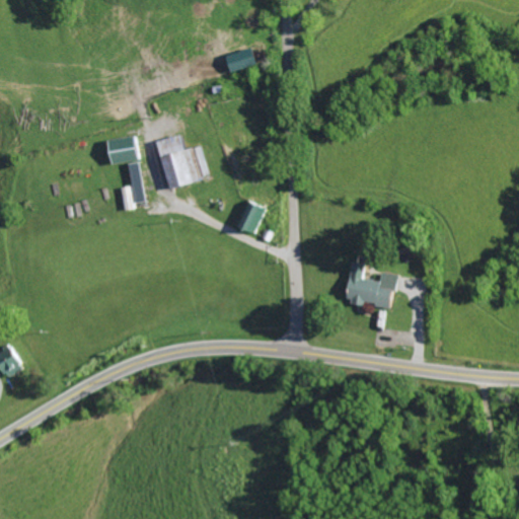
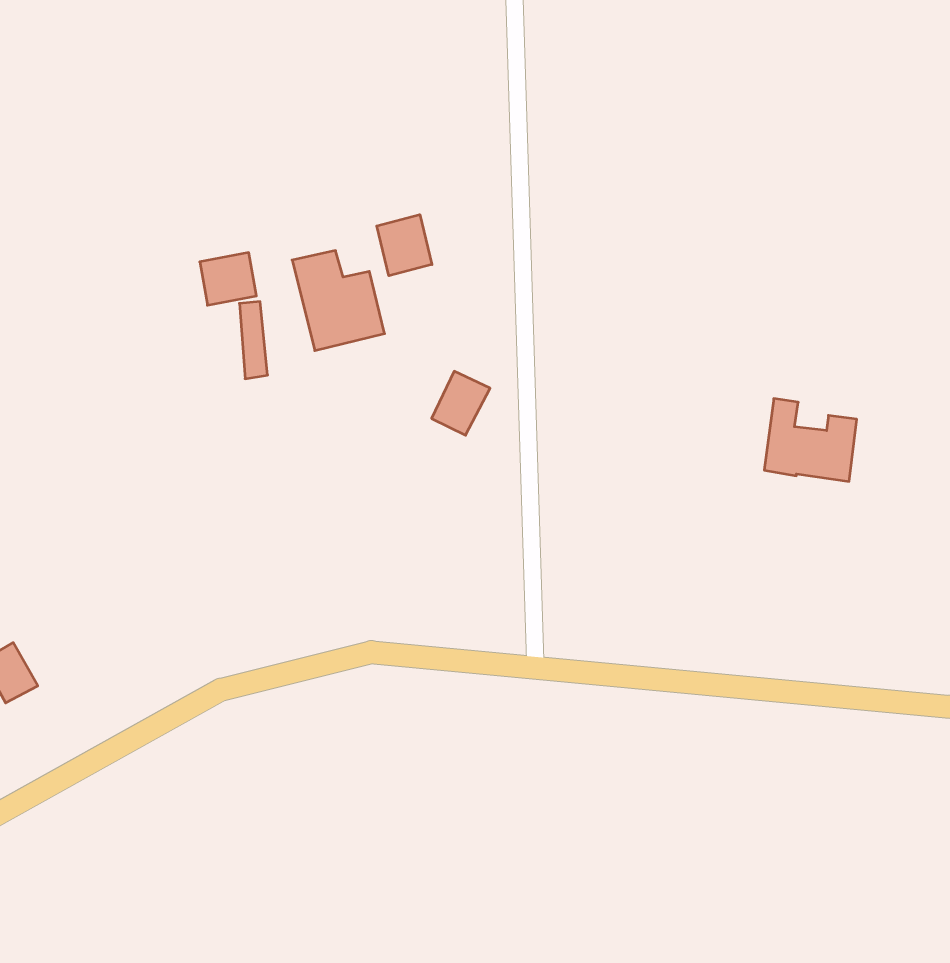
building: [224,48,254,72] -> none
building: none -> [377,215,432,276]
building: [346,264,395,308] -> [764,399,857,481]

